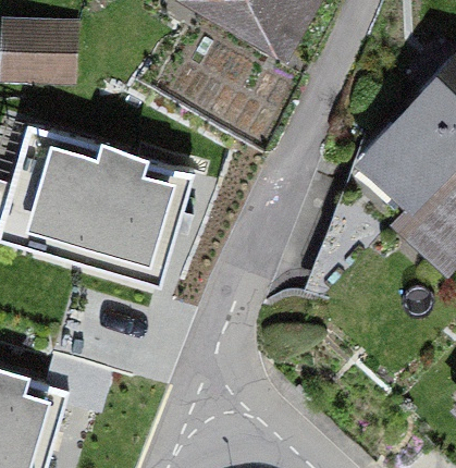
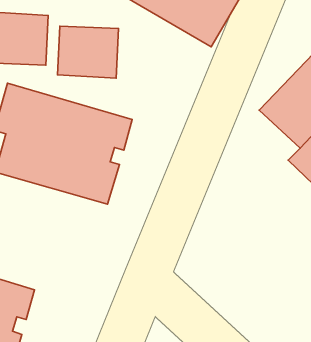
building: none -> [57,26,119,78]

